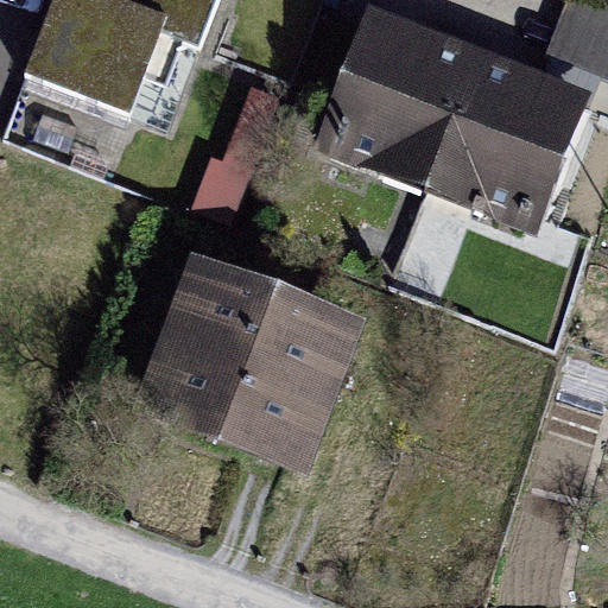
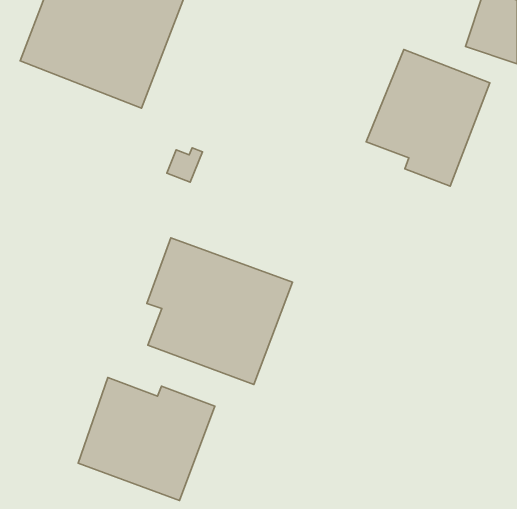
building: [331,21,474,166] -> none
building: none -> [78,377,215,501]

